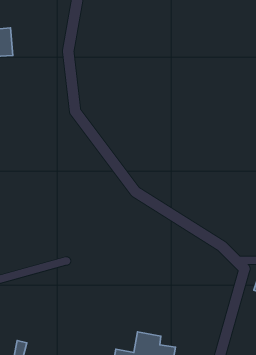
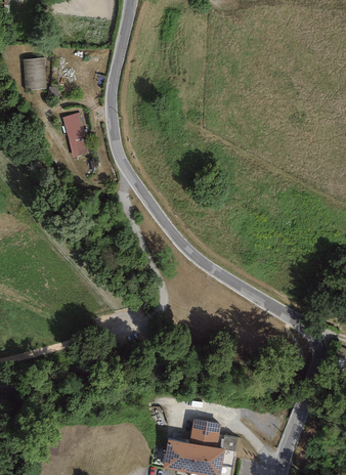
building: none -> [62,113,90,156]

